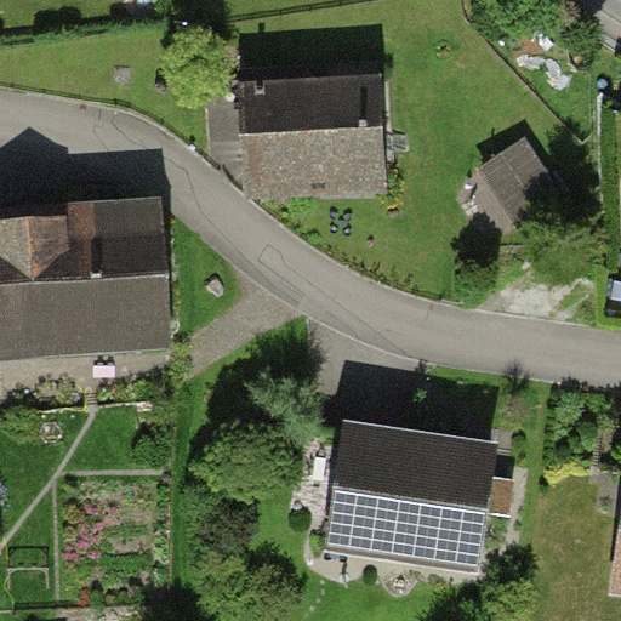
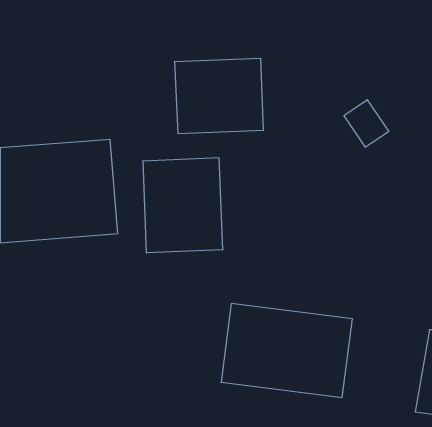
building: none -> [143,158,223,253]

